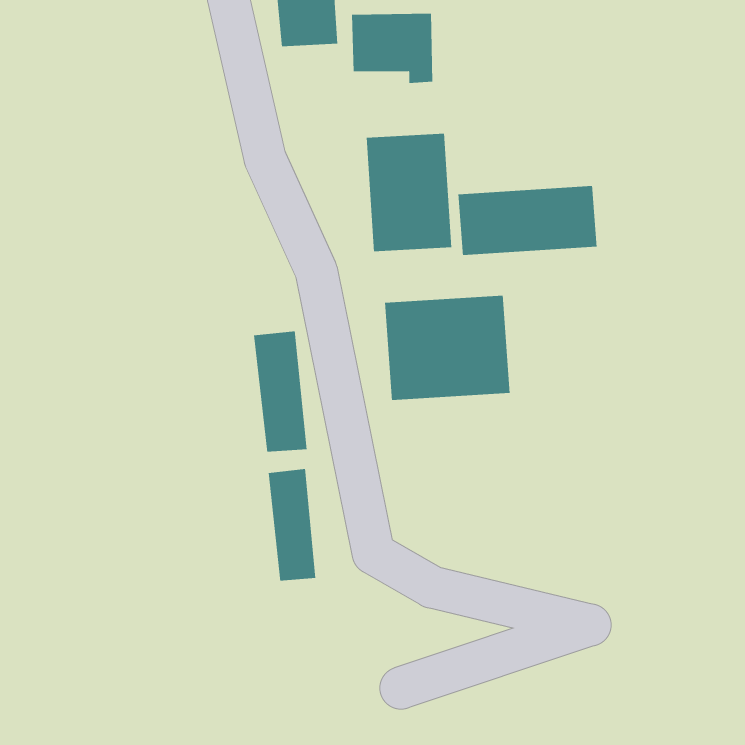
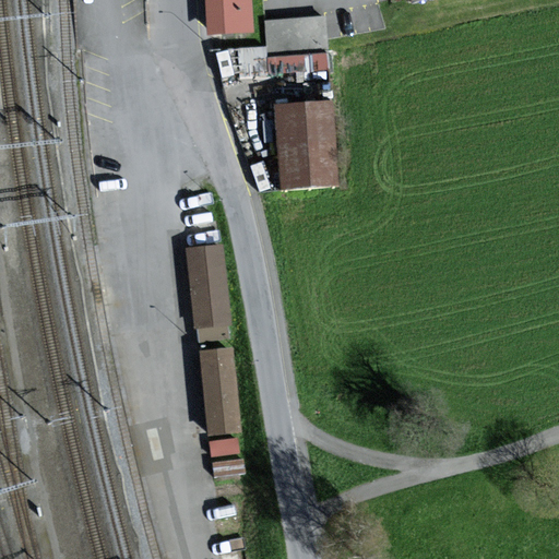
building: [458,185,597,256] -> none
building: [385,295,510,401] -> none

